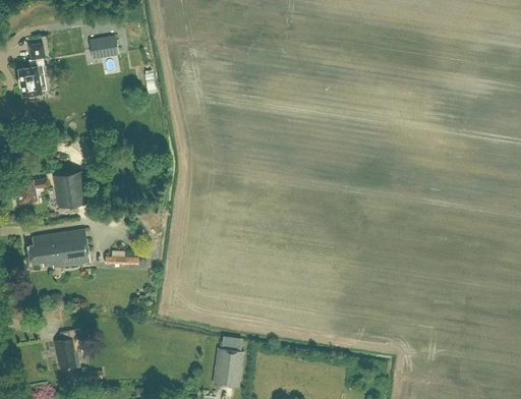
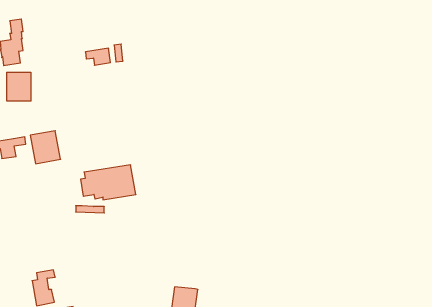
building: [89,37,117,56] -> [85,48,110,65]
building: none -> [7,72,31,101]
building: [26,228,90,268] -> [81,165,136,200]

